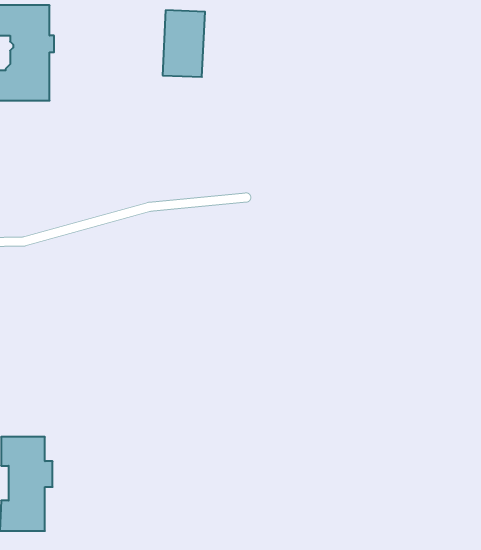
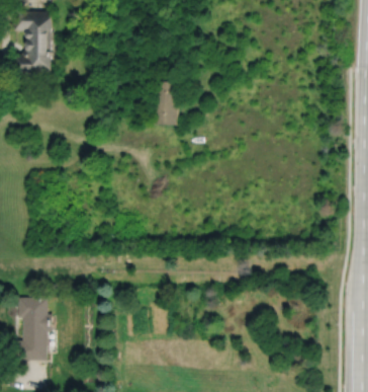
building: [163,10,205,77] -> [151,81,179,126]

